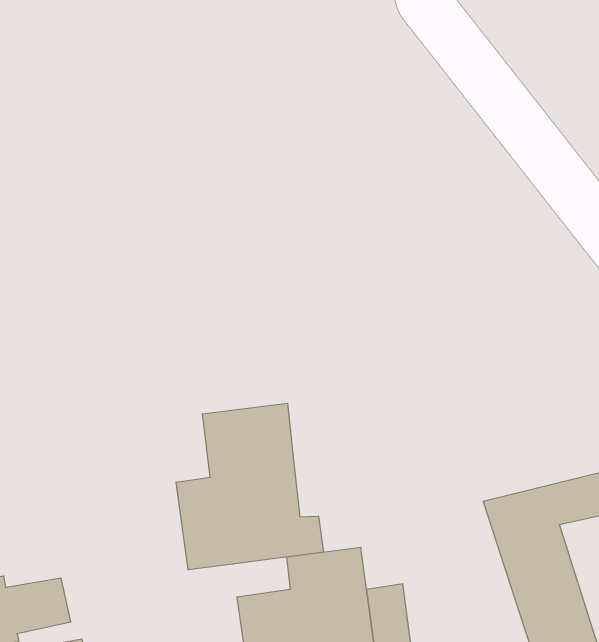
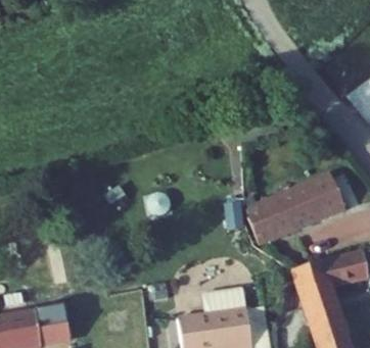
building: none -> [243,176,343,242]
building: [176,403,323,570] -> none

